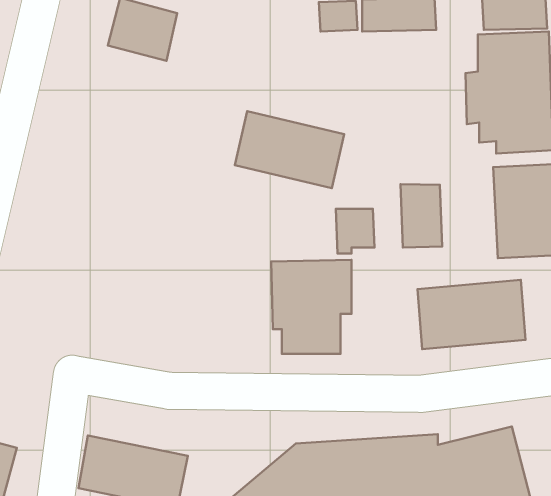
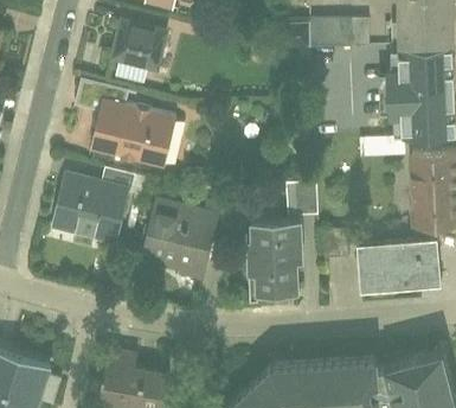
building: [235,111,344,188] -> [102,107,186,166]
building: [401,184,442,248] -> none
building: none -> [52,170,137,244]
building: none -> [146,209,218,279]

